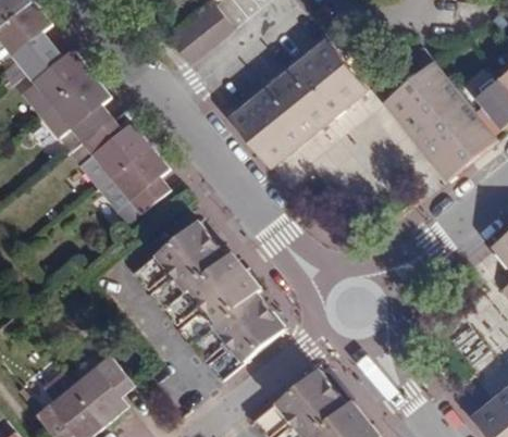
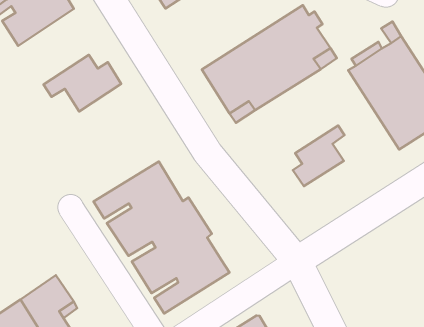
building: [39,73,113,154] -> none
building: [110,145,171,214] -> none
building: none -> [293,126,345,186]

